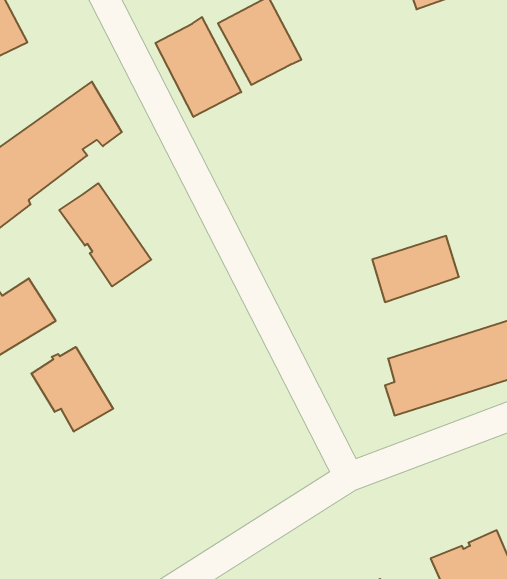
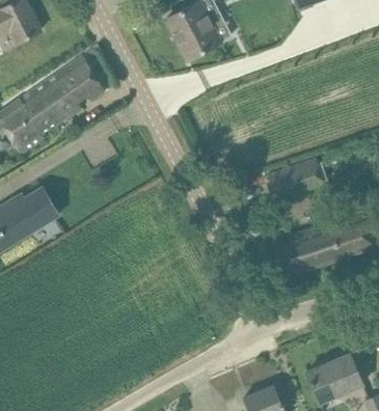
building: [155,17,241,117] -> none
building: [59,183,151,286] -> none
building: [31,347,113,432] -> none

